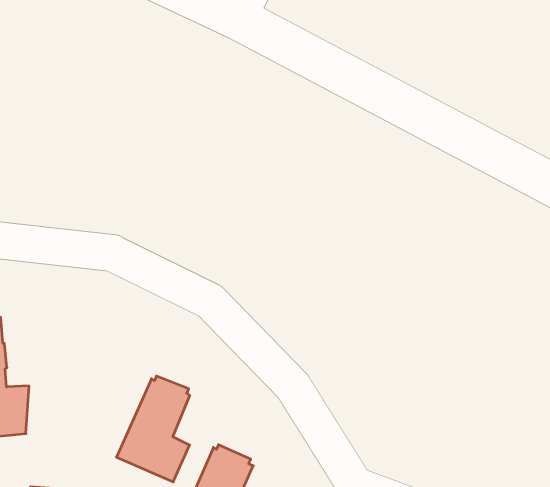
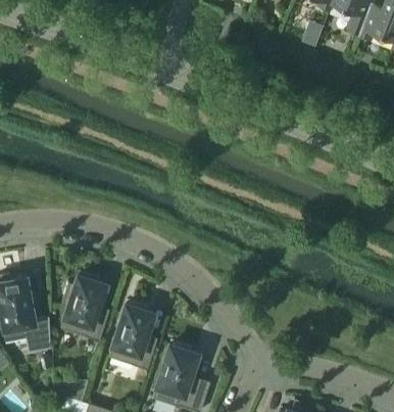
building: none -> [61,273,107,339]

